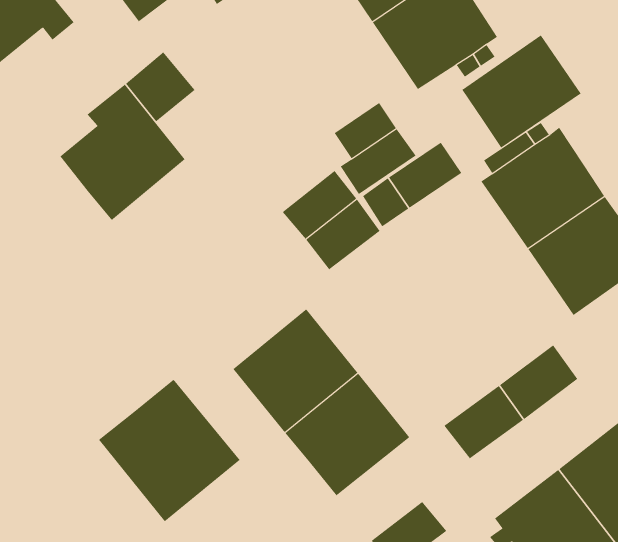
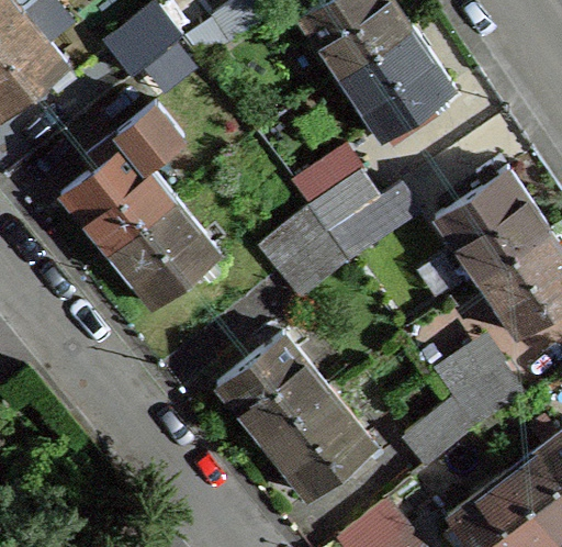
building: [462,35,582,149] -> none
building: none -> [109,199,221,310]
building: [98,379,241,522] -> none

